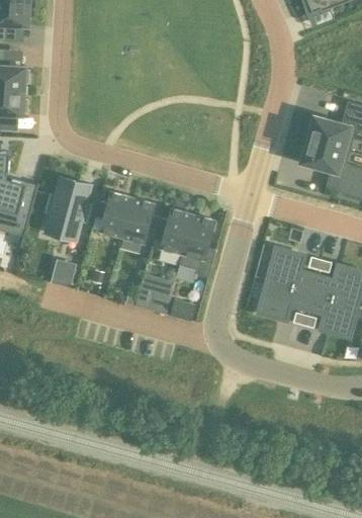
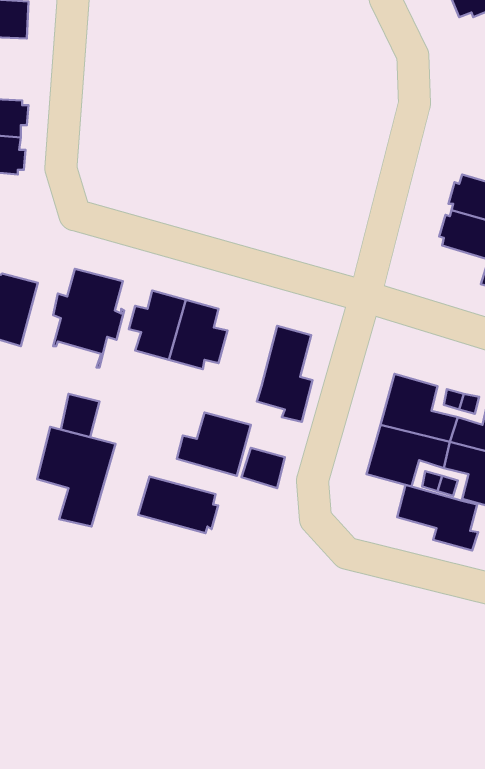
building: [154,208,192,254] -> none
building: none -> [37,427,115,526]
building: none -> [138,477,218,533]
building: none -> [397,485,478,551]

